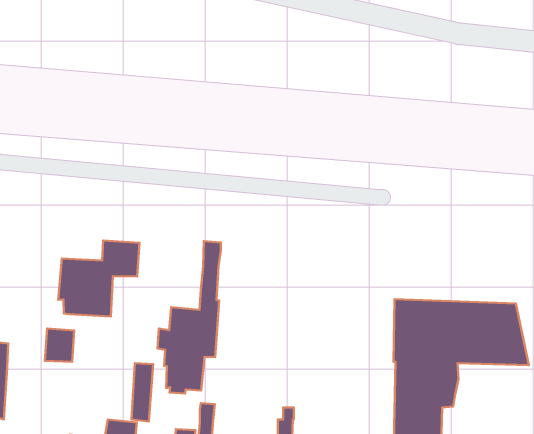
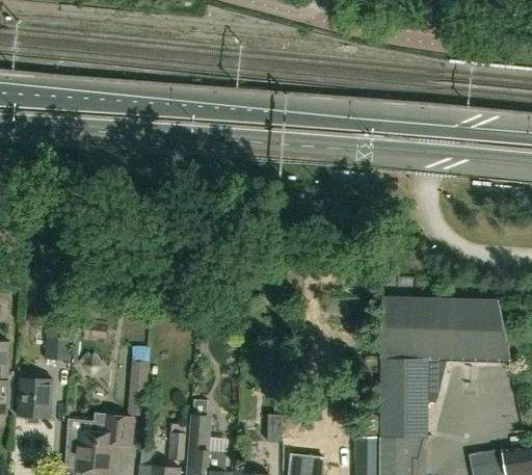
building: [58,240,140,316] -> none
building: [157,241,221,393] -> none
building: none -> [18,378,53,416]

